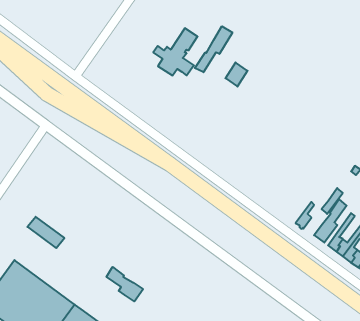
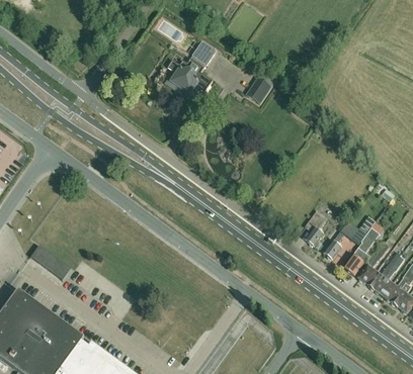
building: [195,26,232,72] -> none
building: none -> [305,209,328,248]
building: [106,267,143,301] -> none

